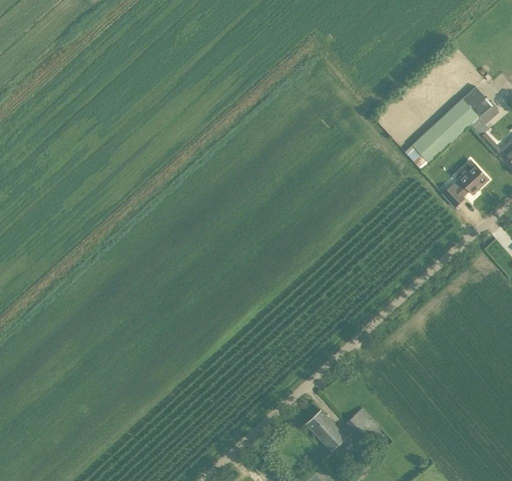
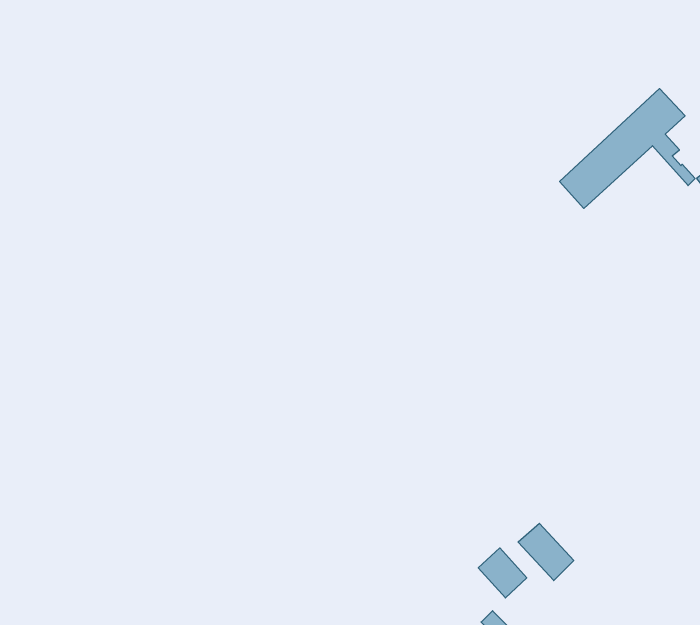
building: [442,166,487,206] -> none
building: [307,410,346,450] -> [518,523,574,581]

